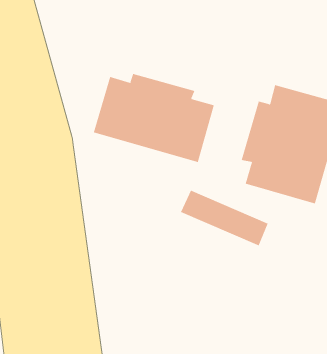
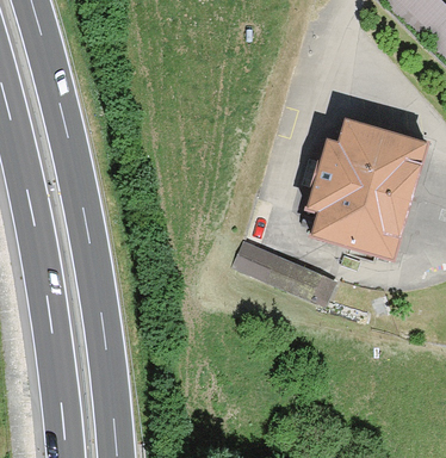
building: [93,73,214,163] -> none

